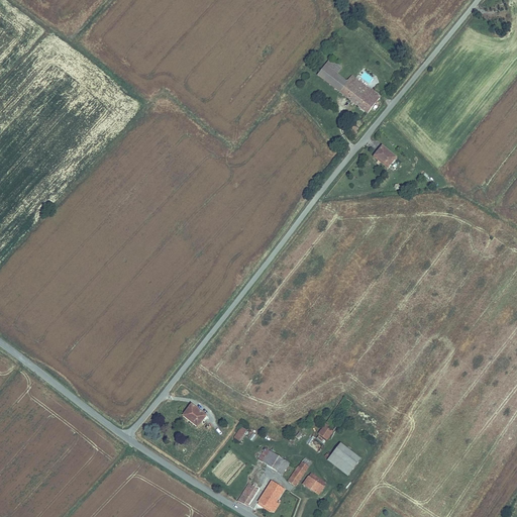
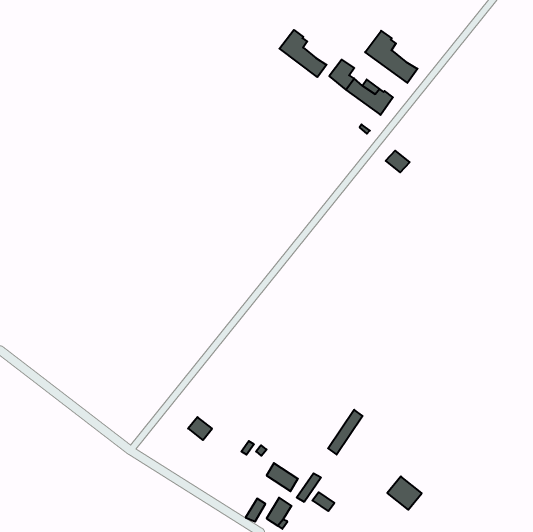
building: none -> [279,30,327,77]
building: none -> [365,31,418,83]
building: [328,441,361,474] -> [387,476,422,510]

